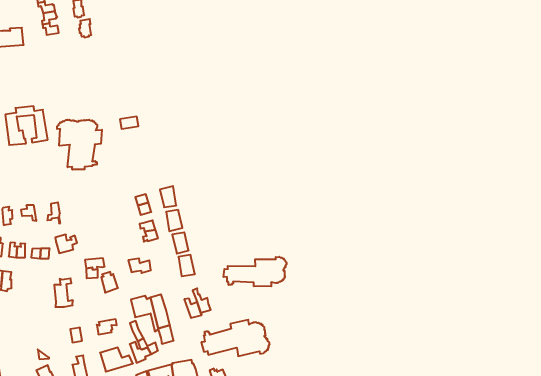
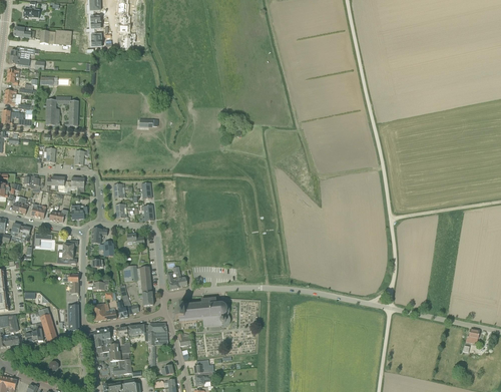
building: [57,120,102,170] -> none
building: [224,257,286,286] -> none

